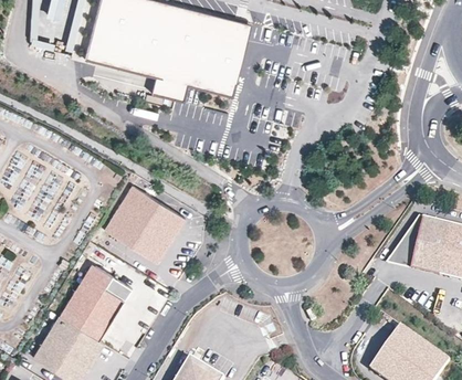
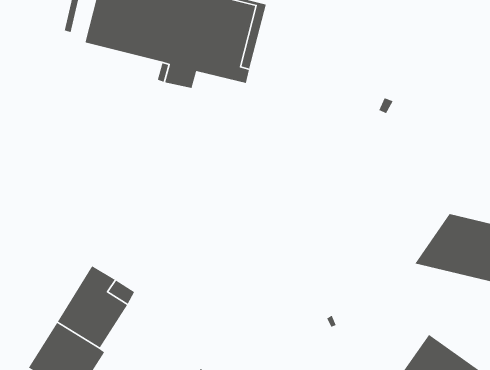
building: [102,186,183,264] -> none

